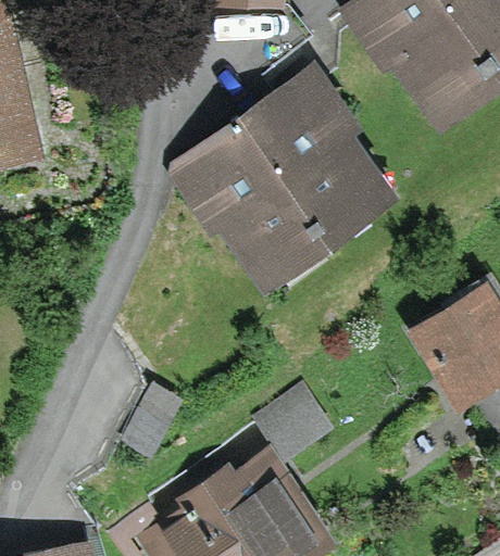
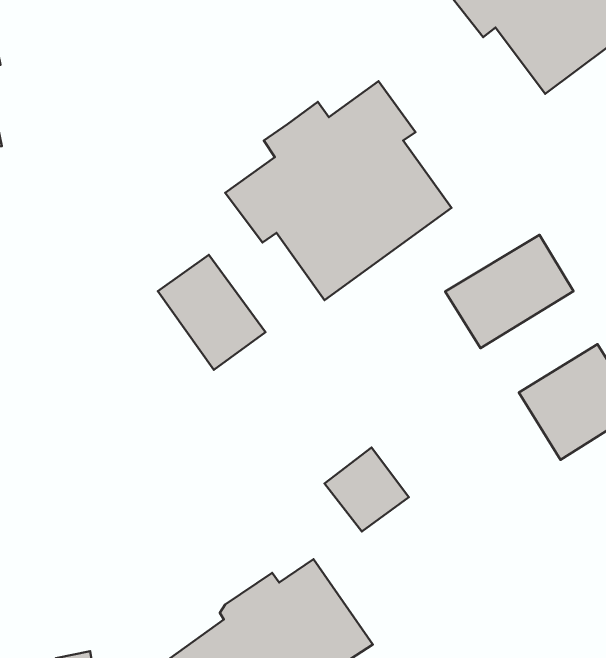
building: none -> [445,235,573,348]
building: none -> [158,255,265,370]

